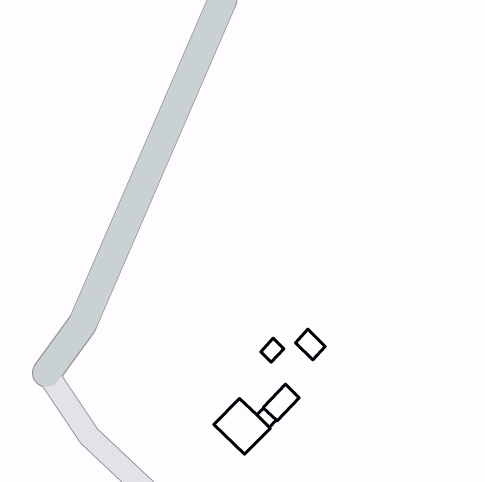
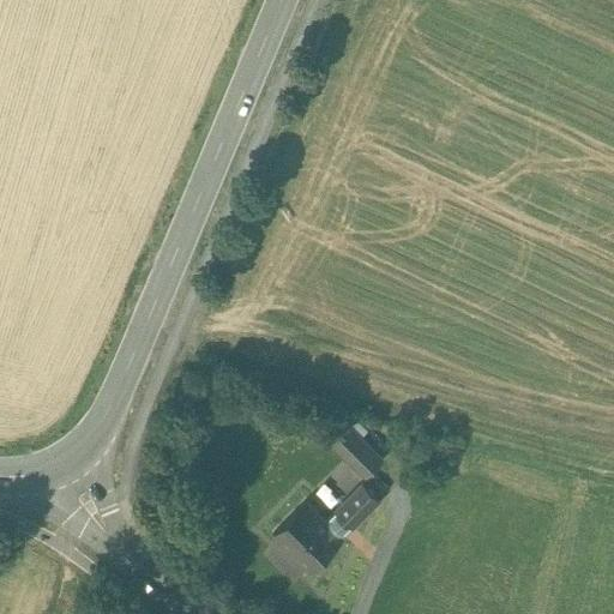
building: [295,329,325,360] -> [339,446,377,484]

